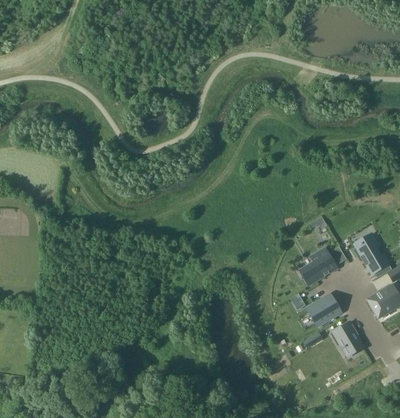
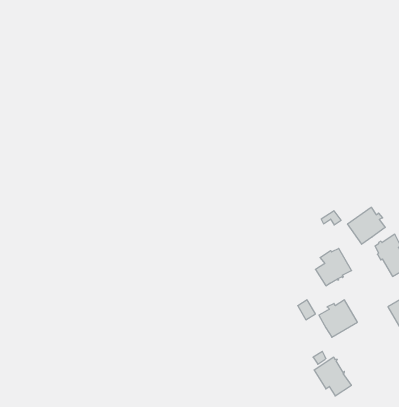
building: none -> [348,207,385,244]
building: [332,322,364,355] -> [314,357,351,396]

